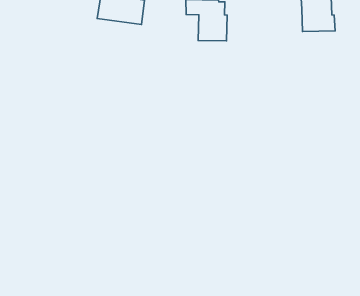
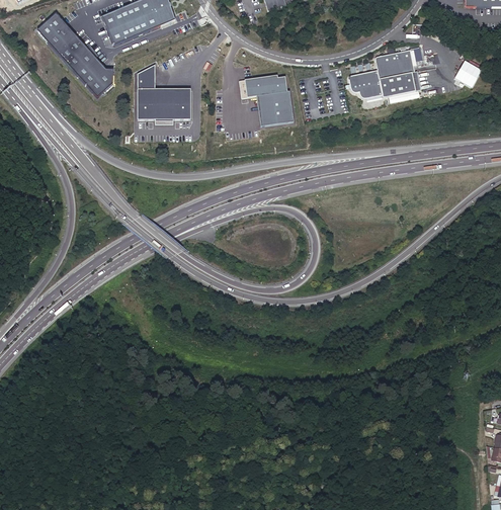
building: none -> [348,69,382,98]

